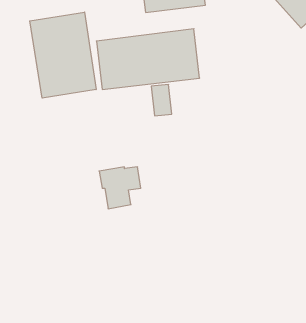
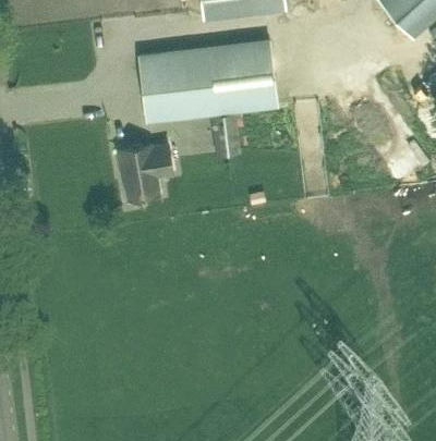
building: [30,12,96,98] -> none
building: [99,167,141,209] -> [117,146,172,201]

